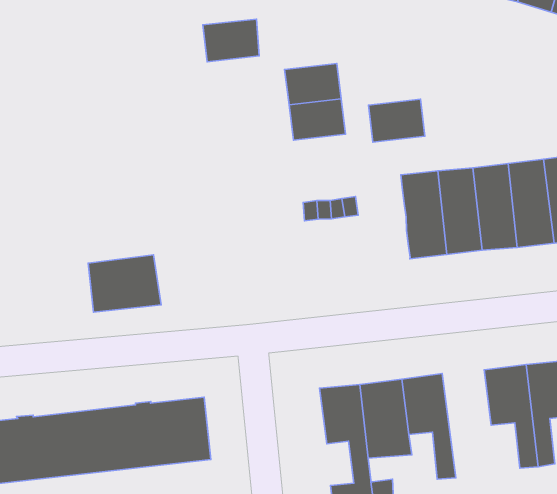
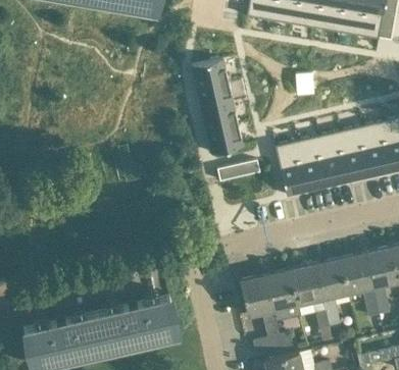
building: [203,19,259,62] -> [191,59,228,89]
building: [369,99,425,142] -> [206,124,243,154]
building: [88,255,161,312] -> none
building: none -> [313,260,347,328]

